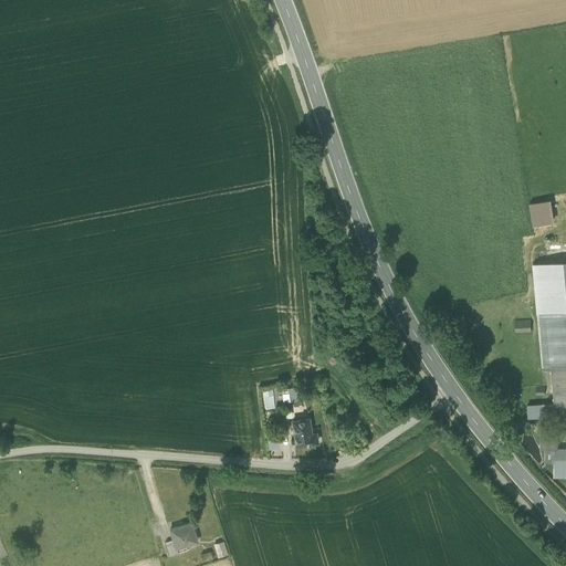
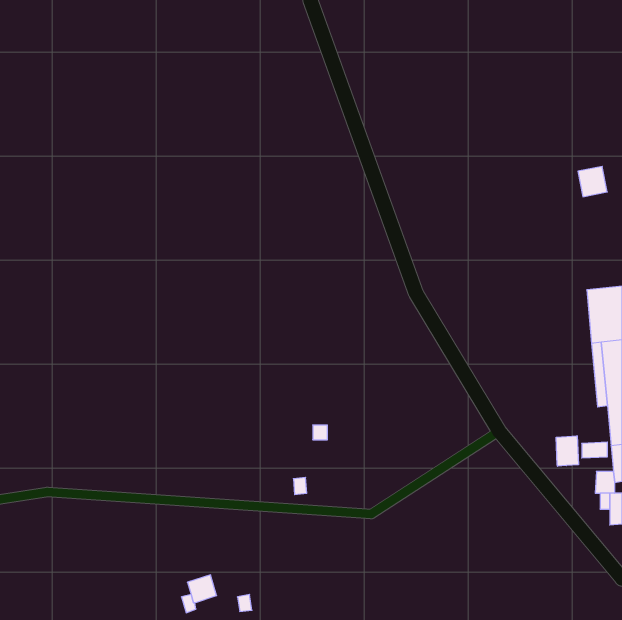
building: [531,199,557,227] -> [578,166,607,197]
building: none -> [556,436,578,466]
building: [293,420,317,448] -> none

